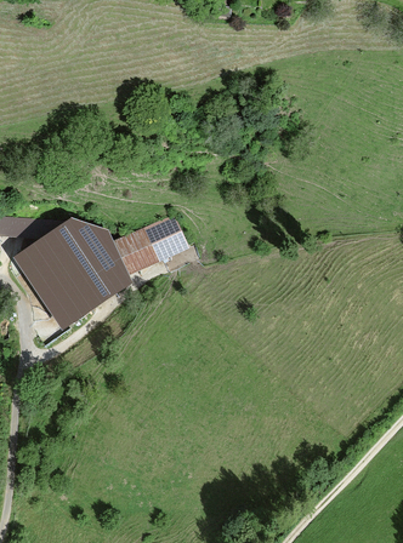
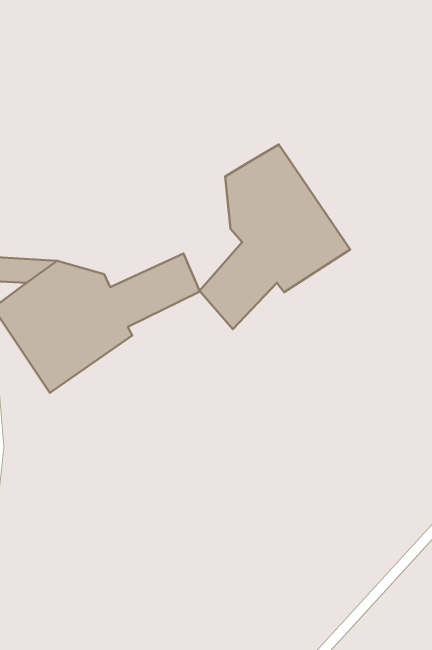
building: none -> [199,144,350,329]

